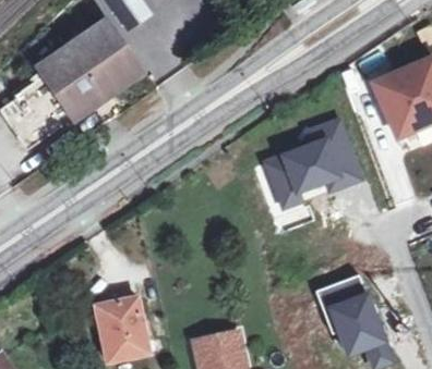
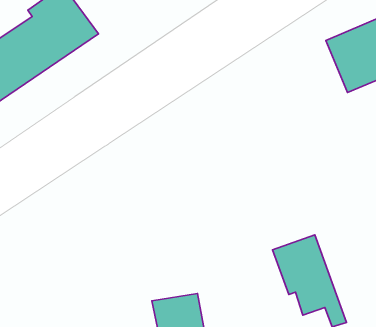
building: [264,118,364,210] -> none
building: [97,297,151,362] -> none

